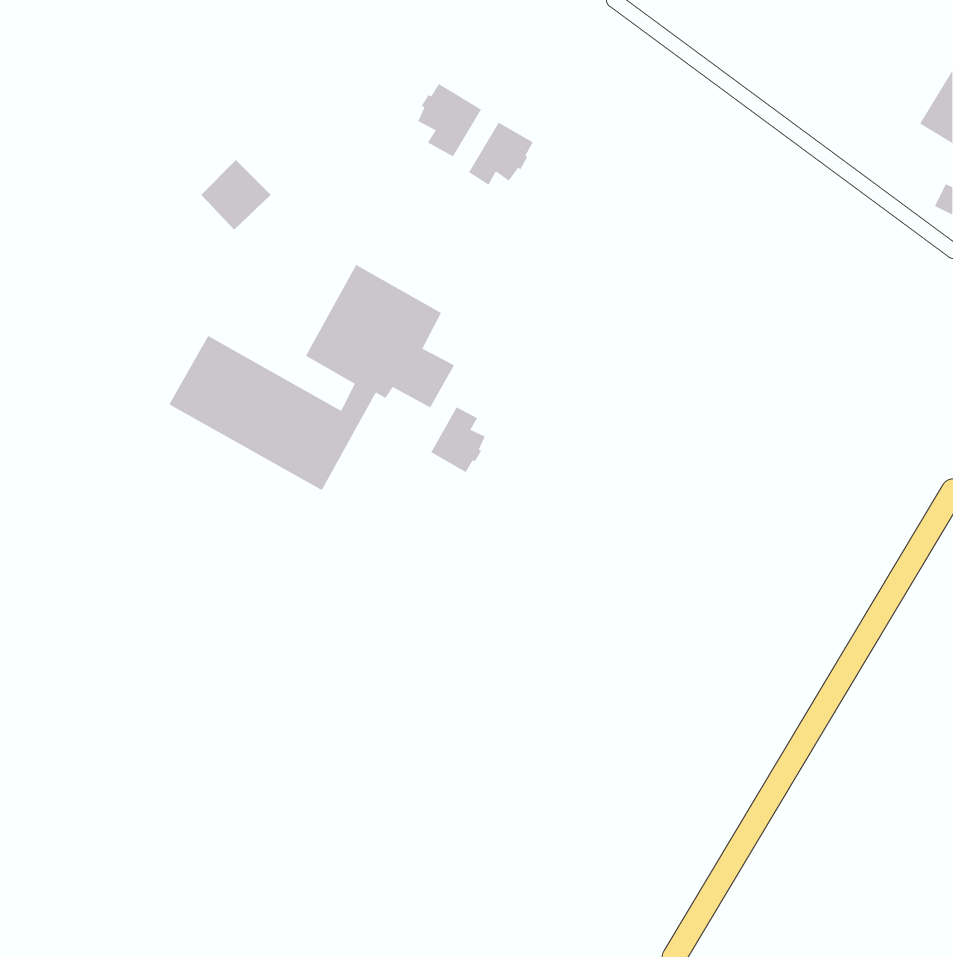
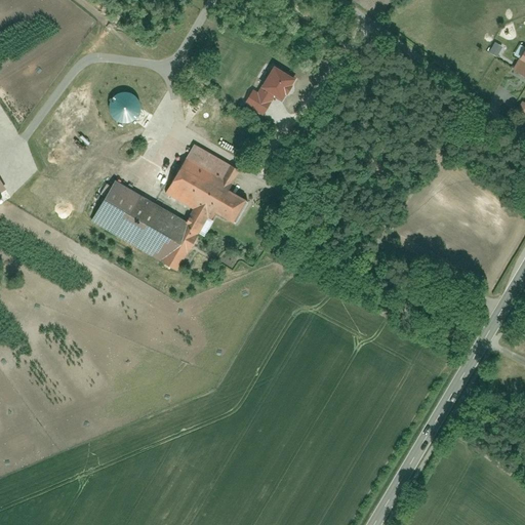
building: [417,83,482,157] -> none
building: [430,406,486,473] -> none

